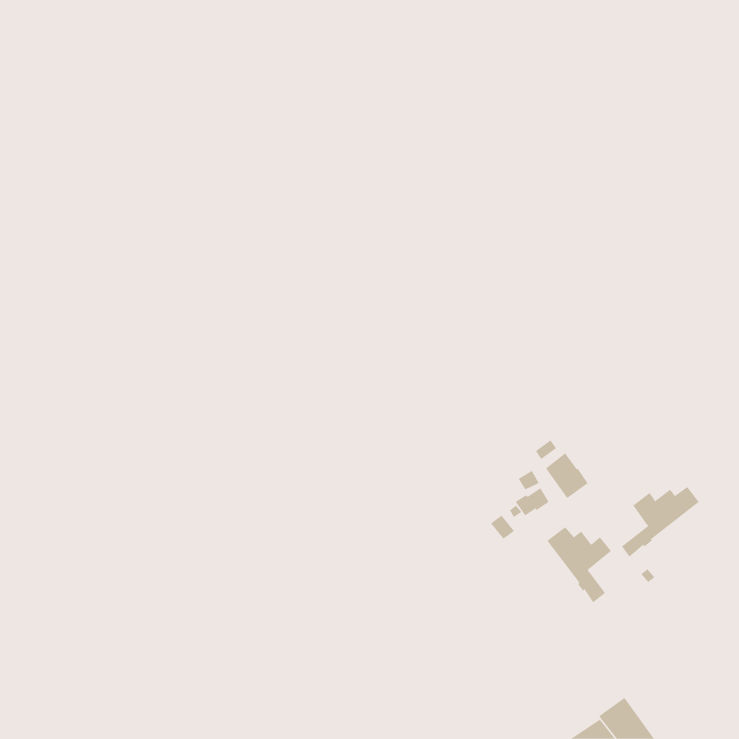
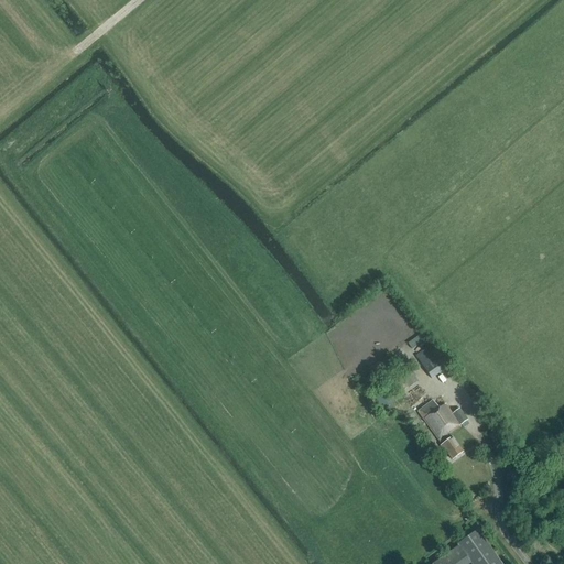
building: [621,486,700,557] -> none

